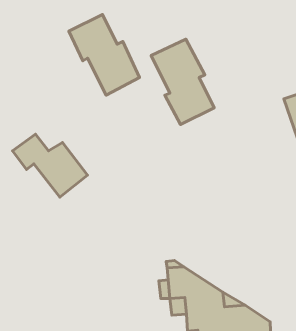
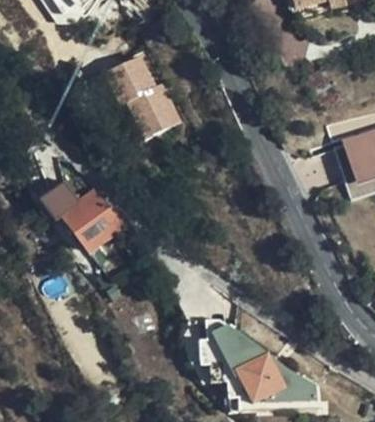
building: [151,39,214,125] -> none

